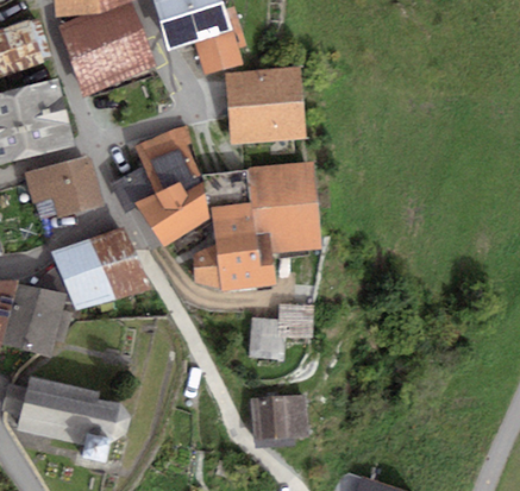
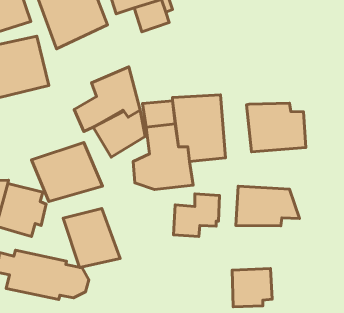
building: [224,65,305,141] -> none
building: [21,155,104,220] -> none
building: none -> [246,103,306,152]
building: none -> [236,186,300,226]
building: none -> [63,209,120,267]
building: [251,394,307,447] -> [232,268,272,307]

